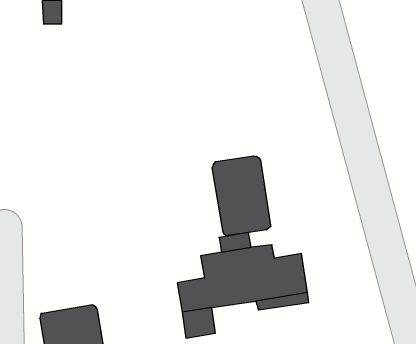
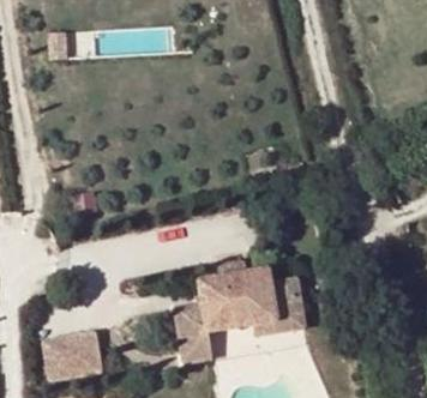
building: [212,156,271,236] -> none

